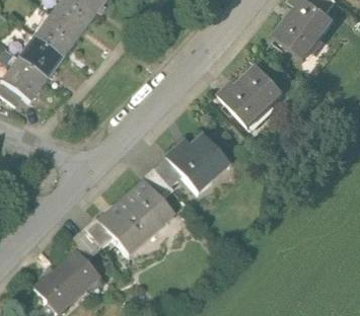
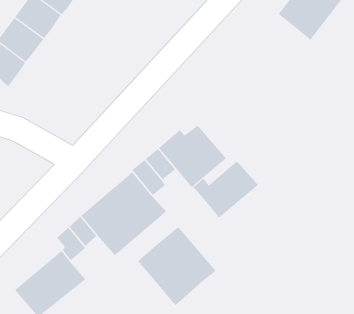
building: [217,63,284,126] -> none
building: none -> [193,160,259,219]
building: none -> [137,226,217,306]

